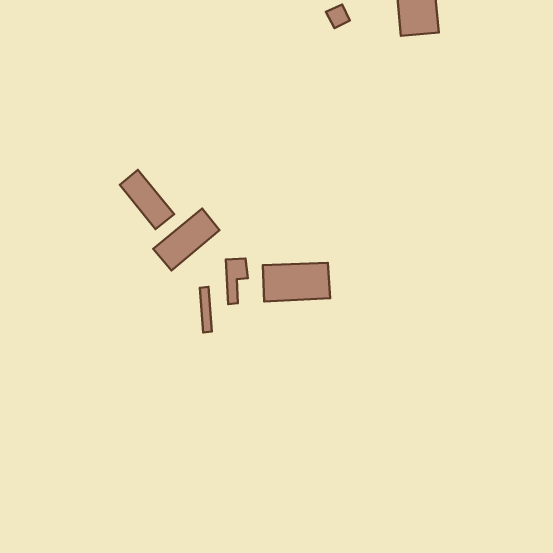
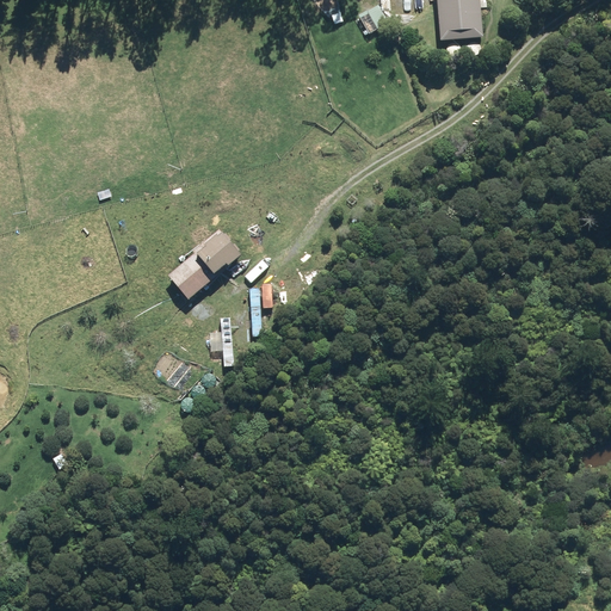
building: [120,170,174,229] -> none
building: [263,263,330,302] -> none

